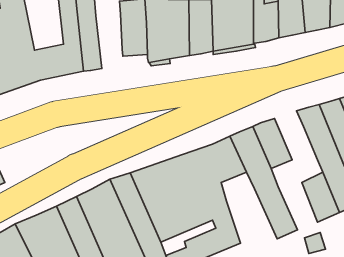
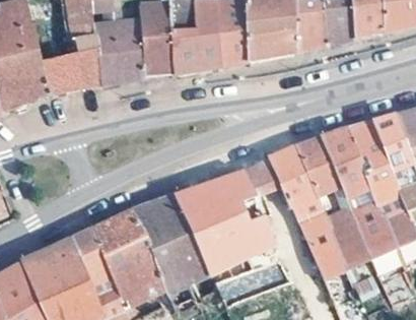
building: none -> [114,17,145,80]
building: none -> [321,129,370,197]
building: none -> [325,207,370,267]

